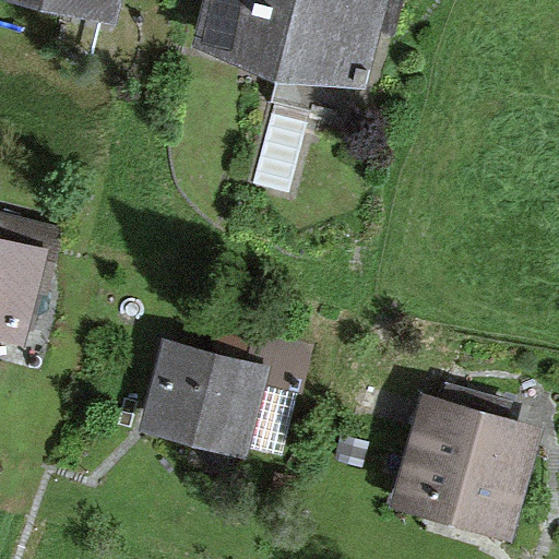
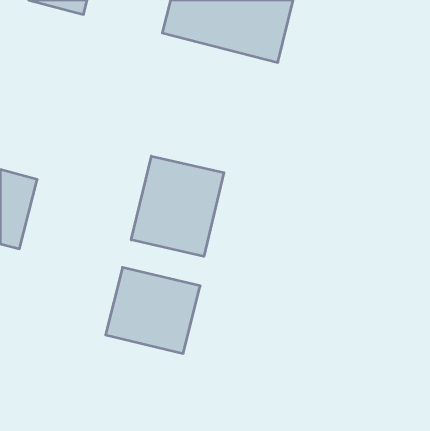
building: none -> [131,156,224,256]
building: [397,397,542,531] -> none

